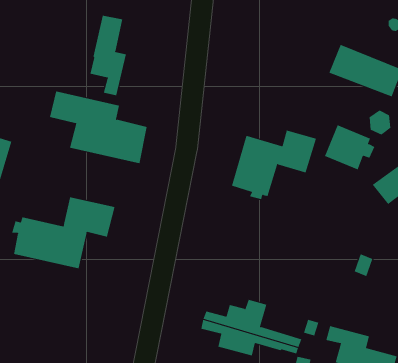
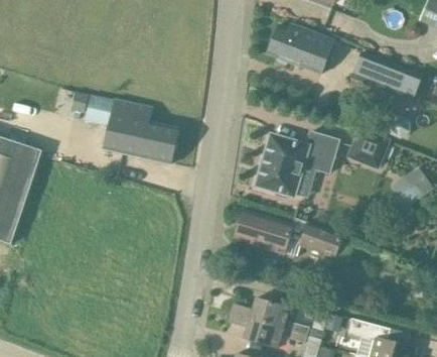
building: [90,15,126,96] -> none
building: none -> [267,23,331,74]
building: [12,197,115,269] -> none
building: none -> [234,210,344,259]

